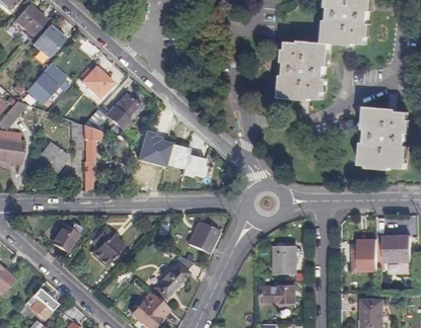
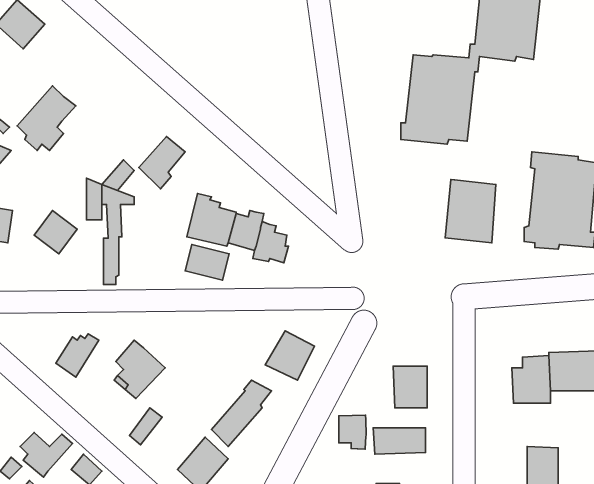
building: [31,25,62,57] -> none
building: [81,67,111,97] -> none
building: none -> [445,180,496,243]
building: none -> [185,245,229,280]
building: none -> [339,415,366,449]

